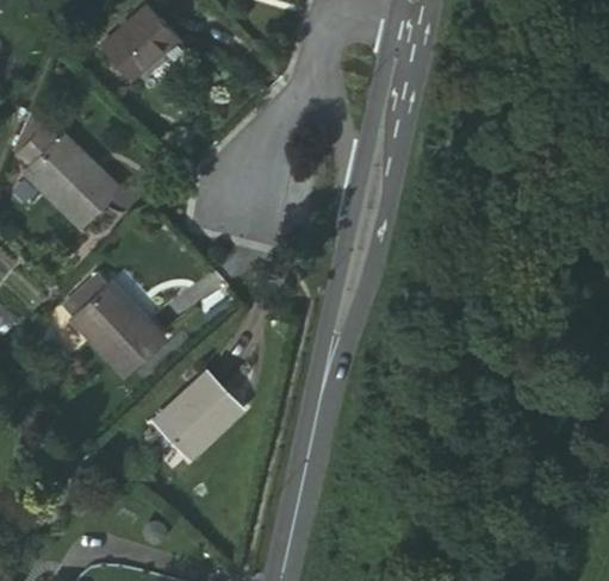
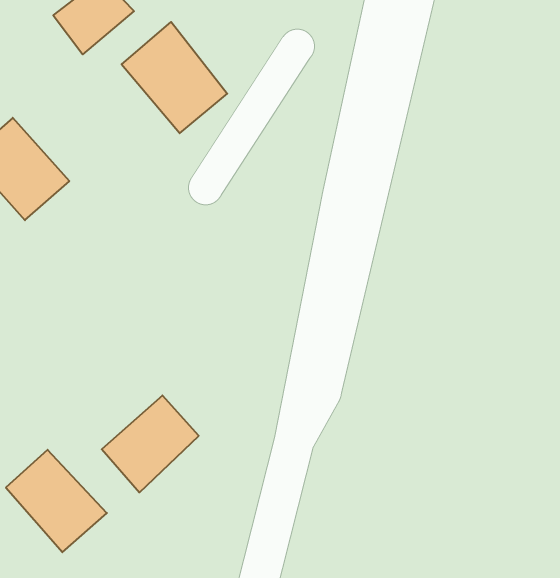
building: none -> [122,22,227,133]
building: [74,285,163,375] -> [6,450,107,552]

